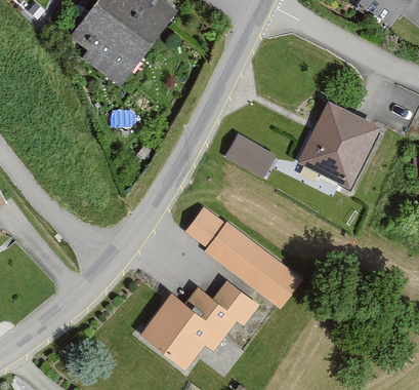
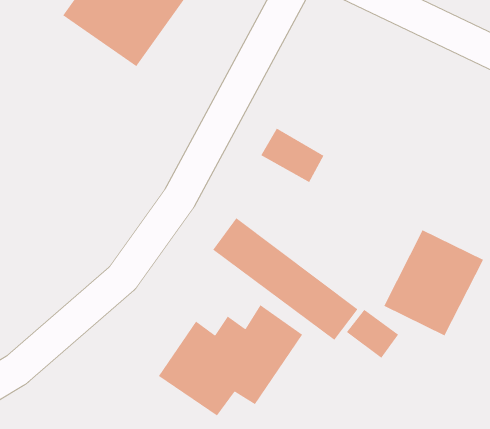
building: [299,100,381,187] -> [383,229,484,336]
building: none -> [346,309,399,359]

